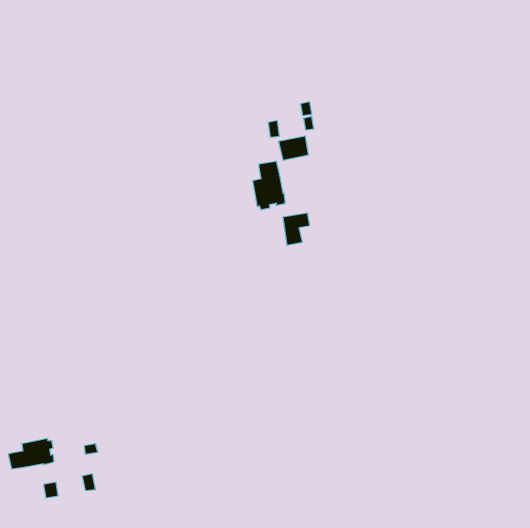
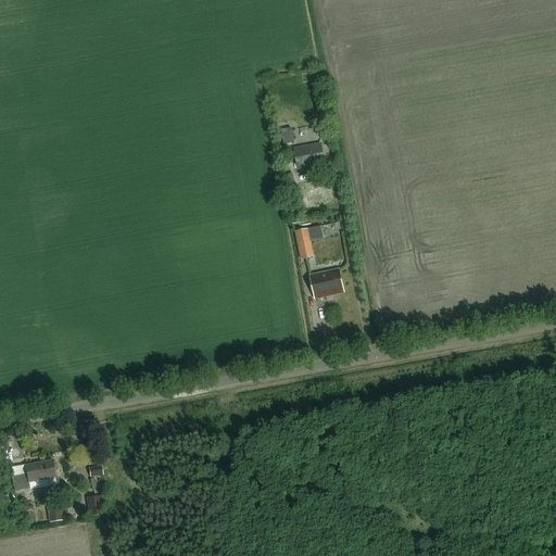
building: [253,161,285,210] -> none
building: none -> [308,268,342,296]

